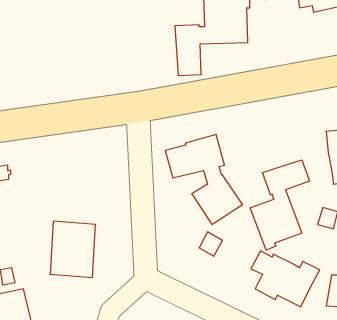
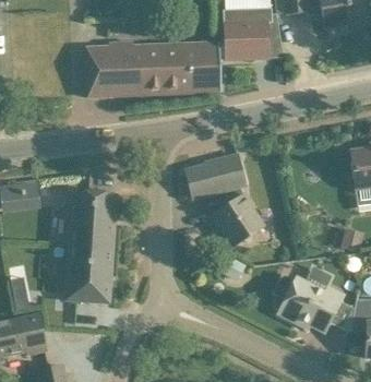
building: none -> [86,40,198,97]
building: [250,160,309,250] -> none
building: none -> [69,189,117,247]

